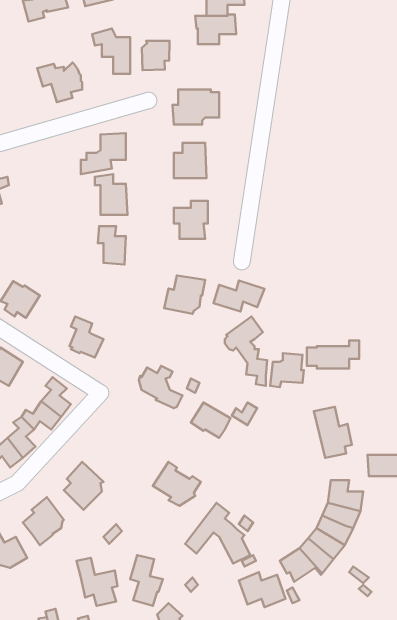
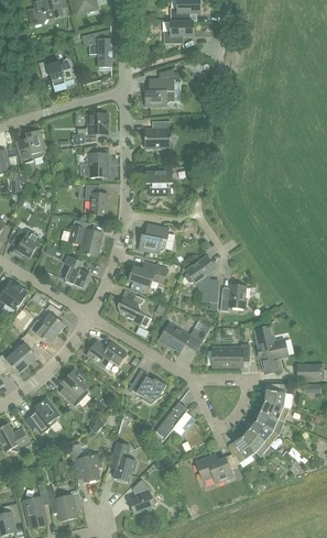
building: [142,41,169,70] -> none
building: none -> [14,129,44,163]
building: none -> [70,219,101,255]
building: [214,280,264,312] -> [128,262,167,286]
building: [307,340,359,369] -> [207,343,248,365]
building: none -> [86,340,126,366]

